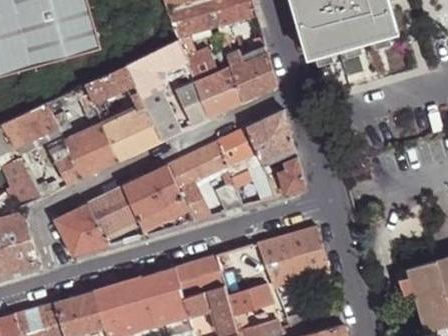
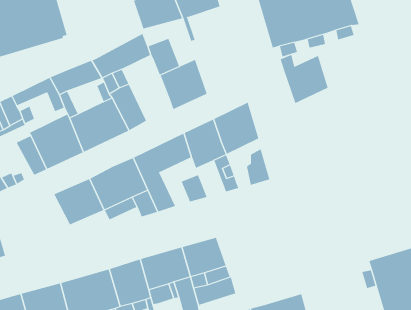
building: [227,51,276,101] -> [280,54,329,104]
building: [172,81,207,125] -> none
building: [54,202,107,255] -> none
building: [258,226,328,306] -> none

